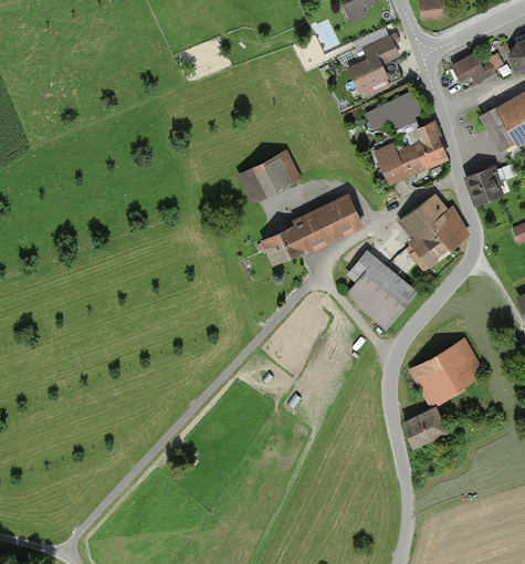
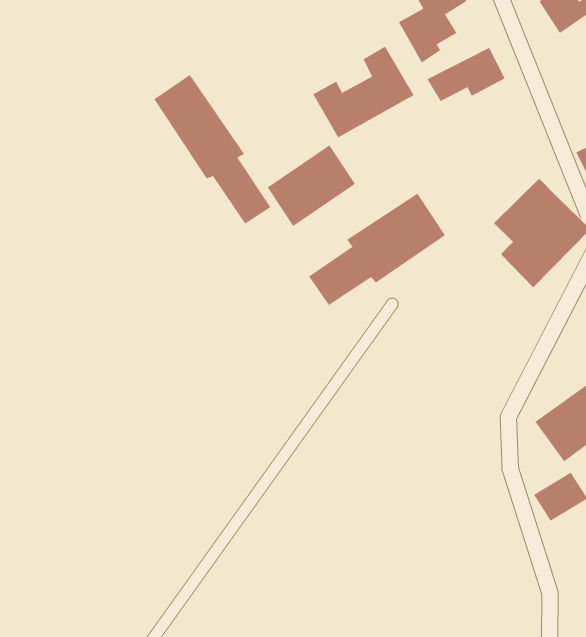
building: none -> [153,74,271,224]
building: [376,121,450,184] -> [312,46,414,138]
building: [347,250,416,326] -> none

